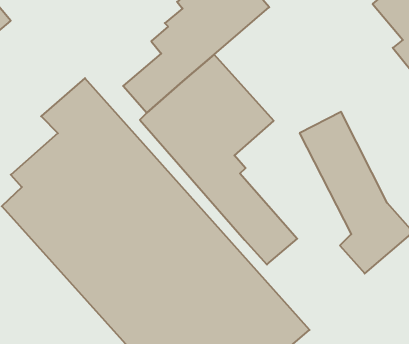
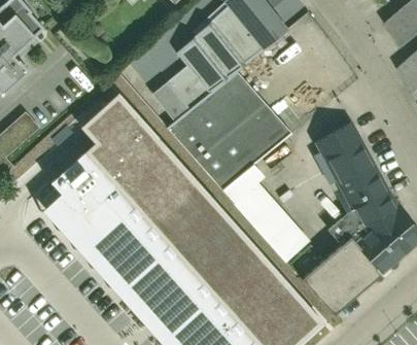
building: none -> [299,236,375,311]

